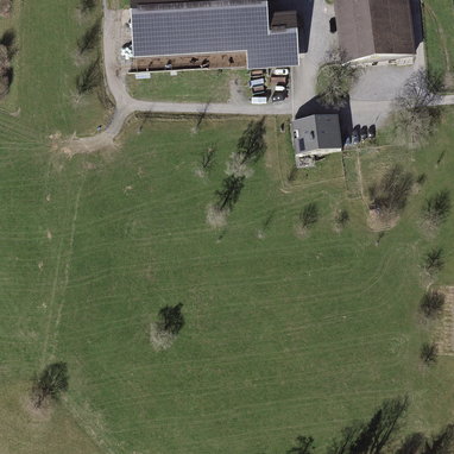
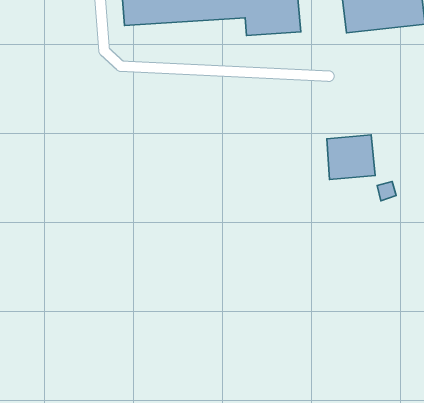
building: [295,114,340,156] -> [327,135,375,179]

